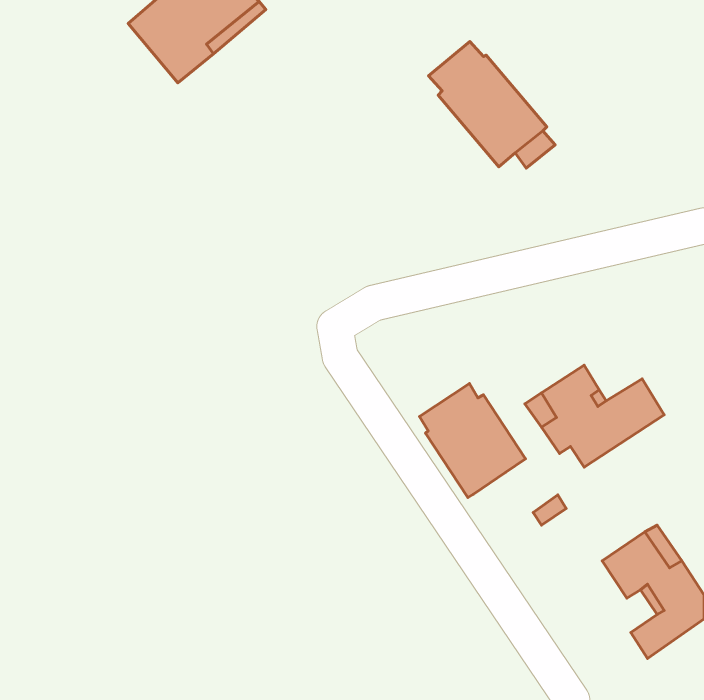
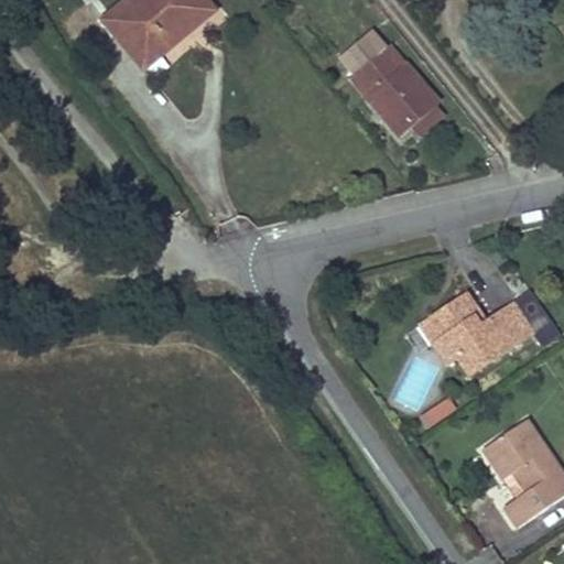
building: [420,383,526,498] -> none

